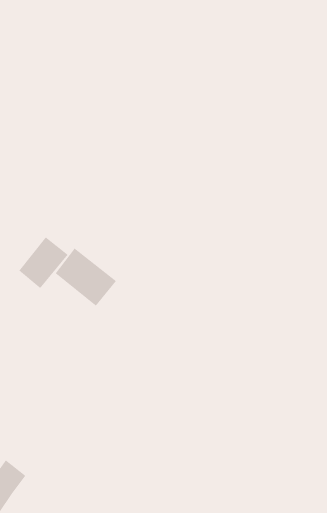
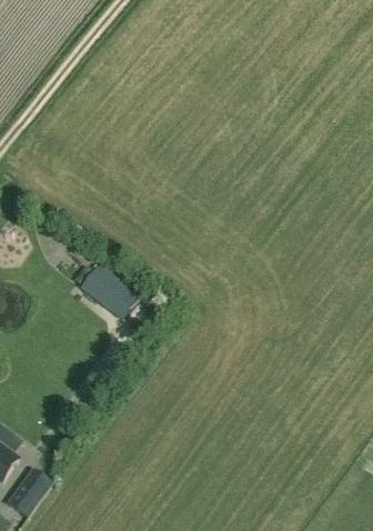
building: [19,237,68,289] -> none

